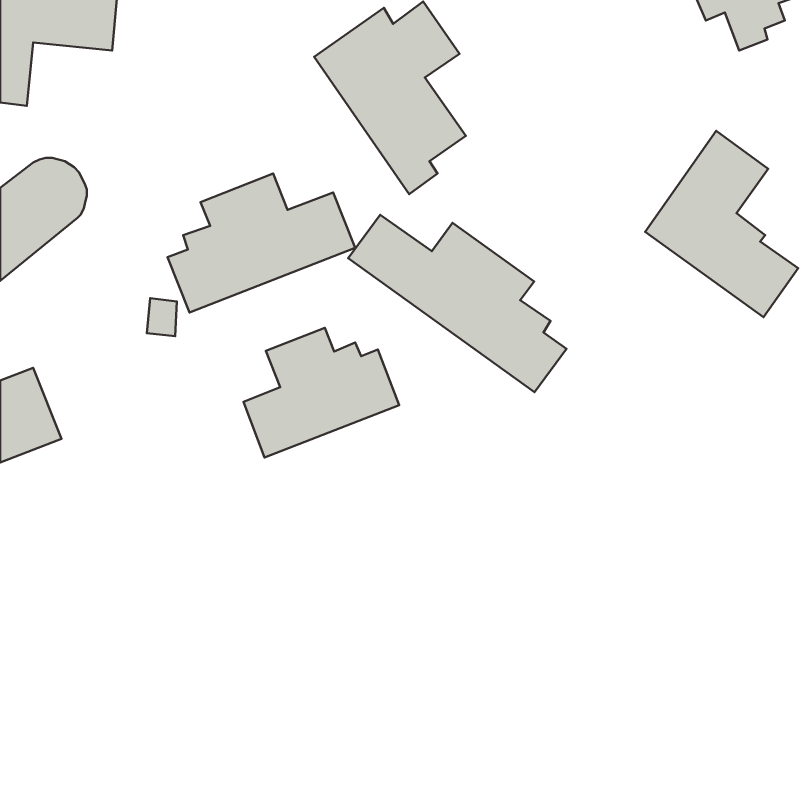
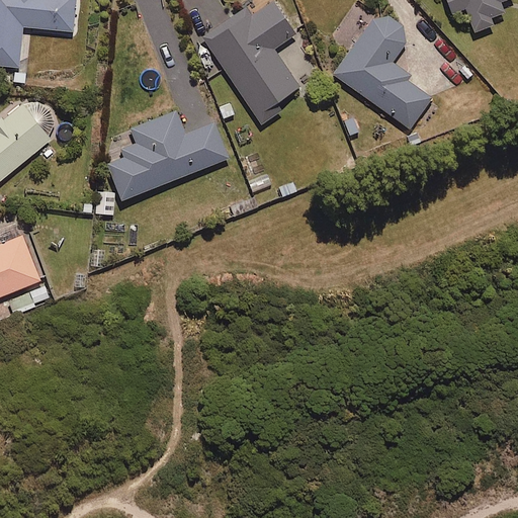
building: [645,131,798,317] -> [333,9,431,128]
building: [348,215,567,392] -> none
building: [243,328,399,458] -> none

